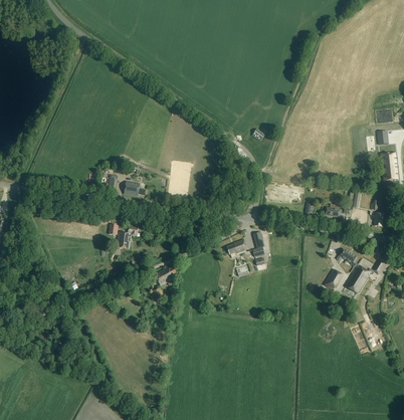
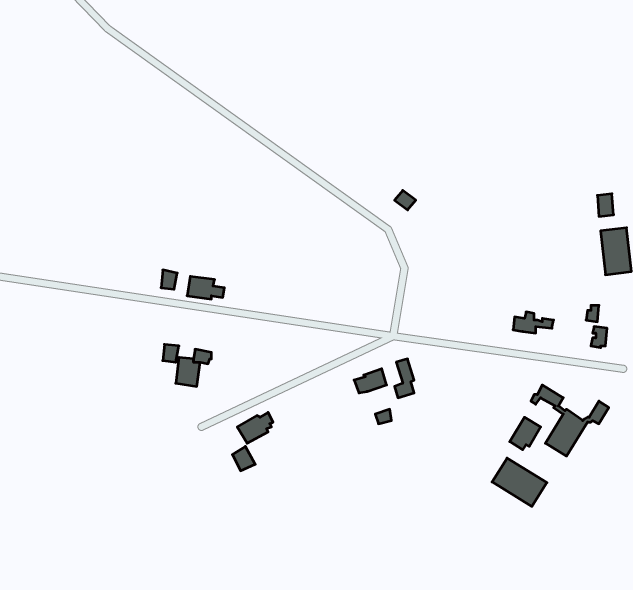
building: none -> [492,458,547,506]

